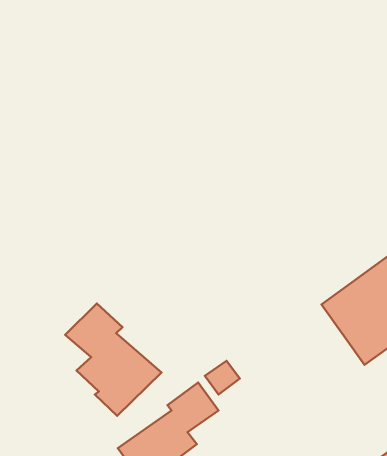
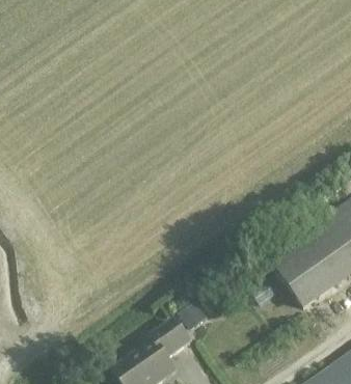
building: [65,303,162,416] -> none

